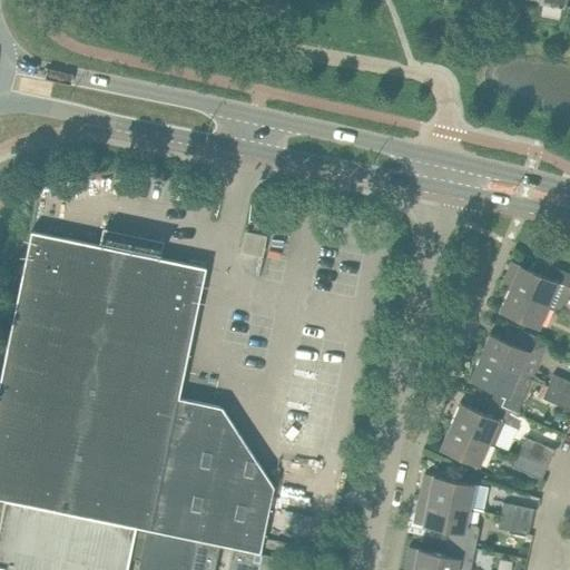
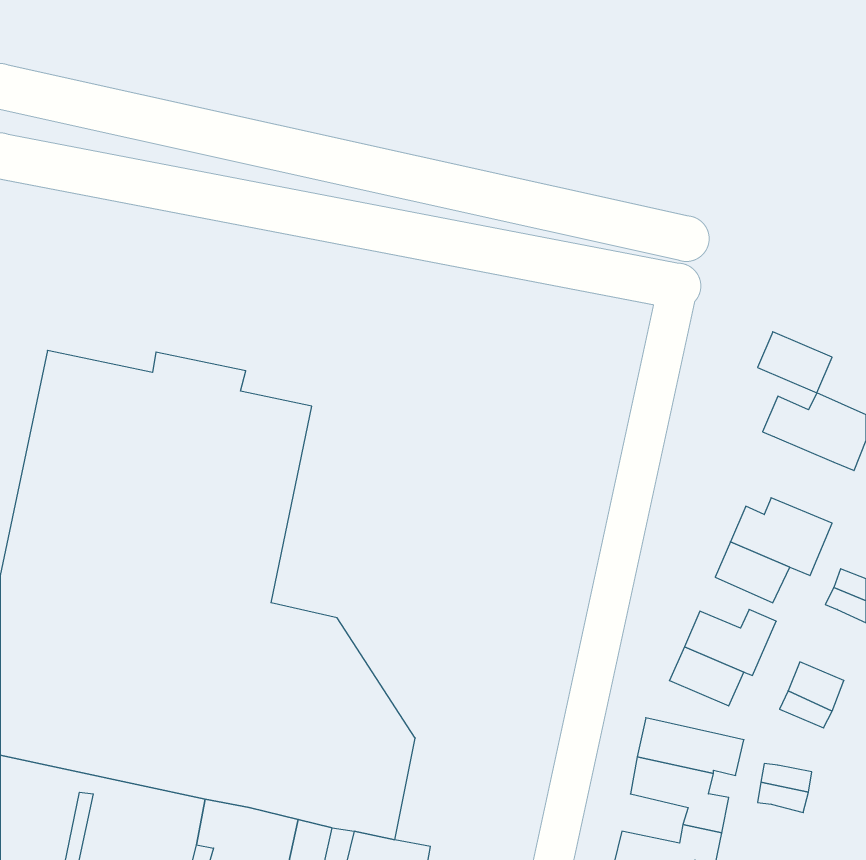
building: [499,291,548,331] -> [758,332,832,393]

